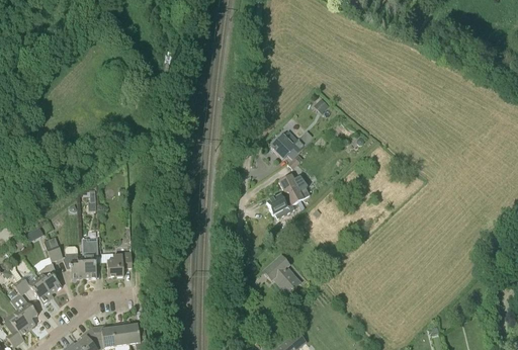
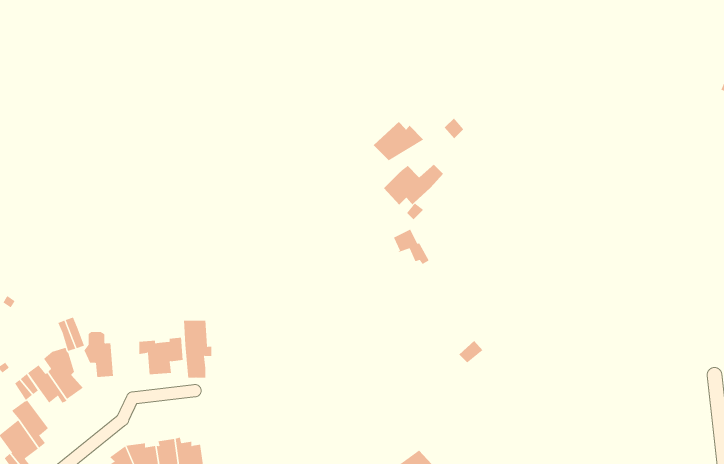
building: none -> [373,121,424,161]
building: [265,189,298,215] -> none
building: [80,238,100,278] -> [183,320,212,378]
building: [262,256,300,295] -> none

